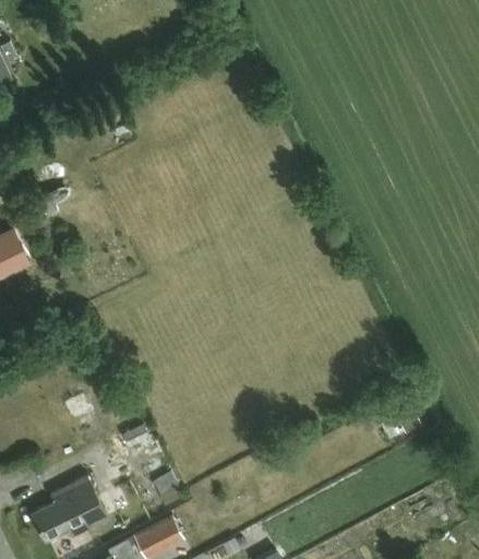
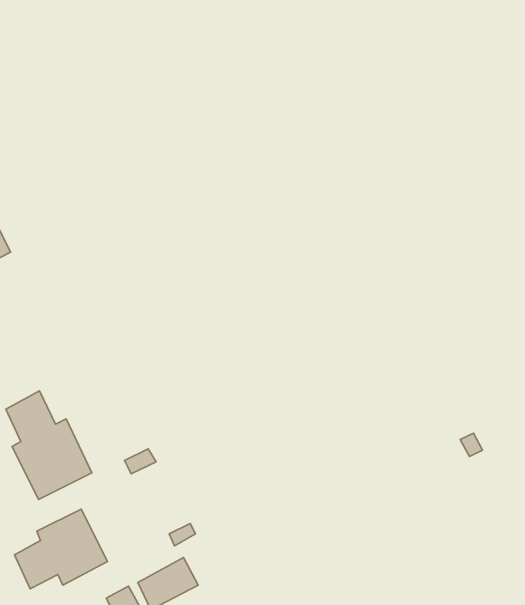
building: none -> [6,391,92,499]

